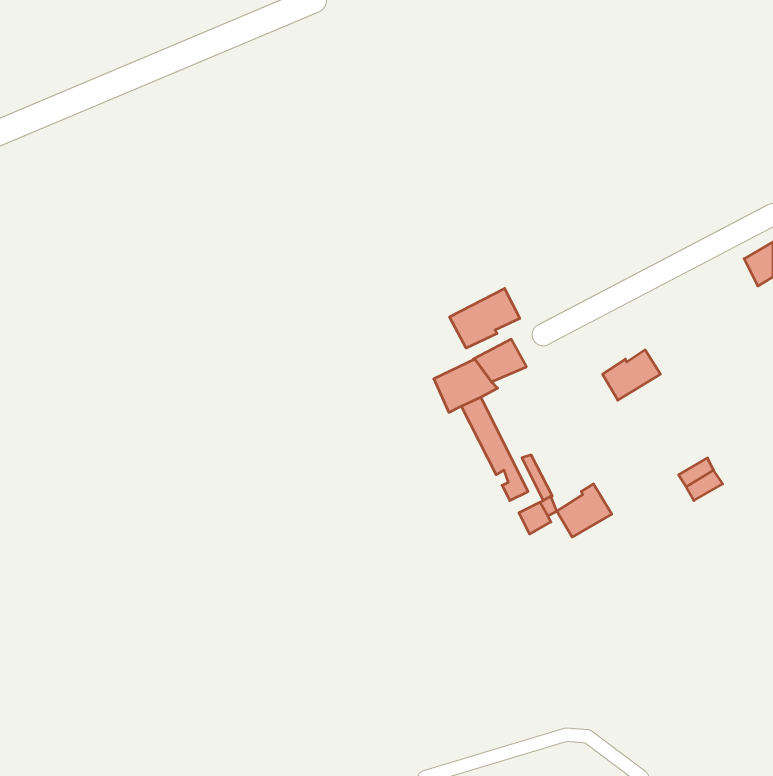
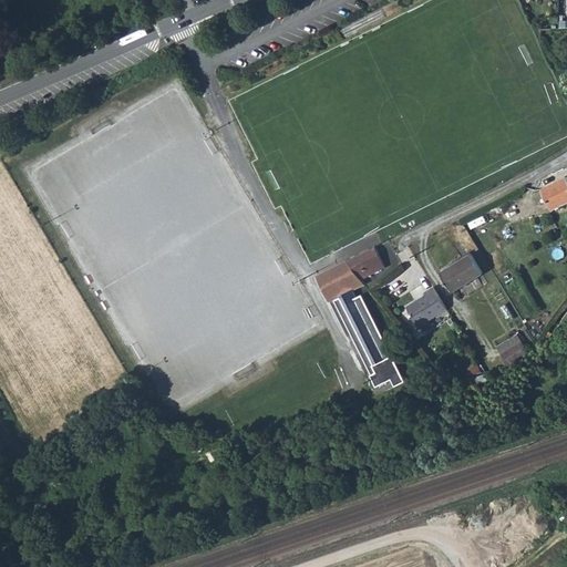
building: [450,288,520,348] -> none
building: [557,484,612,537] -> [404,288,444,327]

